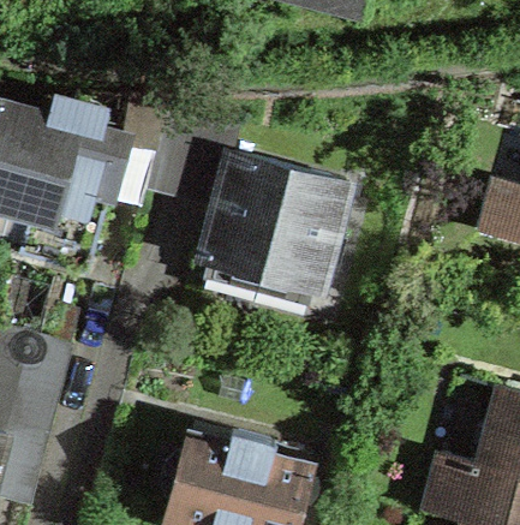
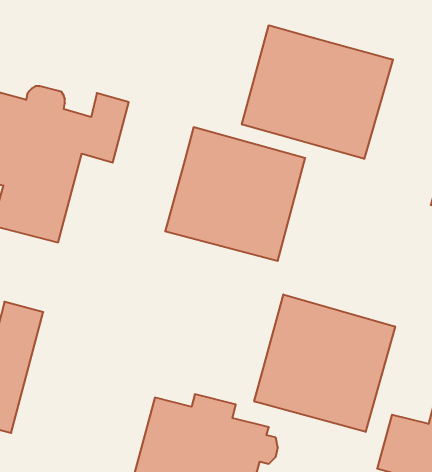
building: none -> [242,25,393,159]
building: none -> [254,294,395,432]

